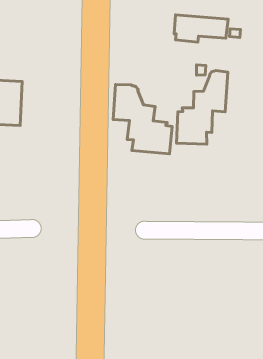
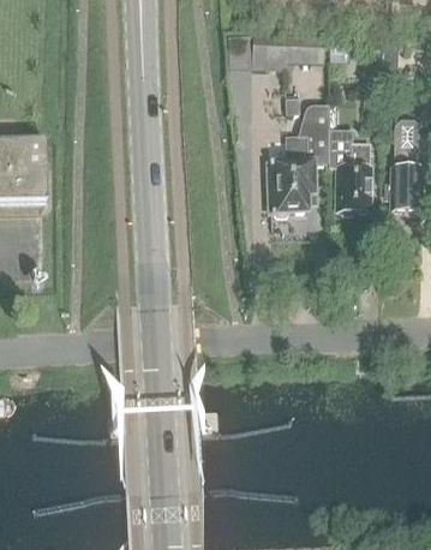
building: [113,85,172,154] -> none
building: none -> [331,142,369,209]

